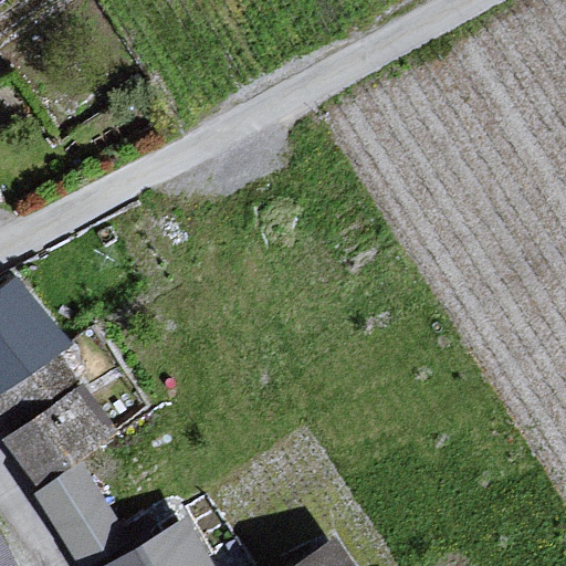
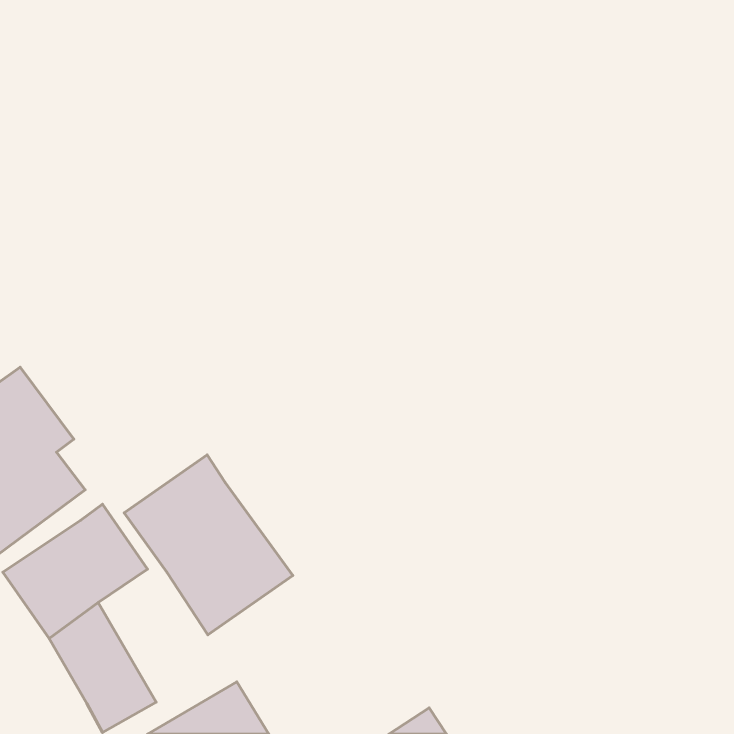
building: none -> [124,455,293,635]

